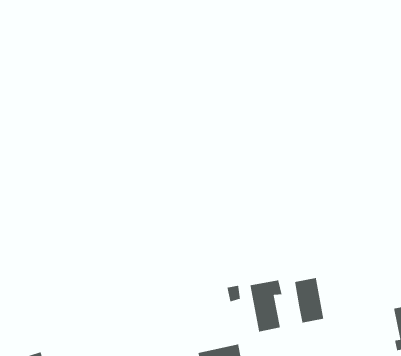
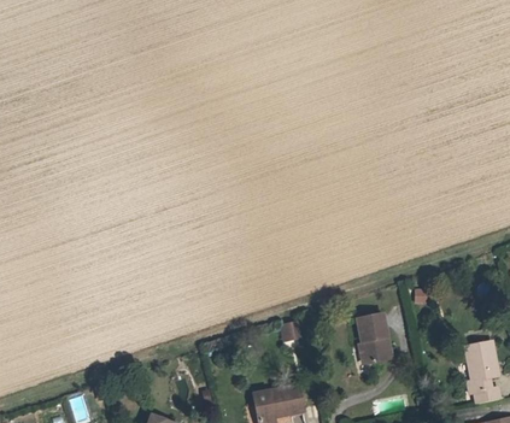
building: [250,280,282,333] -> none

